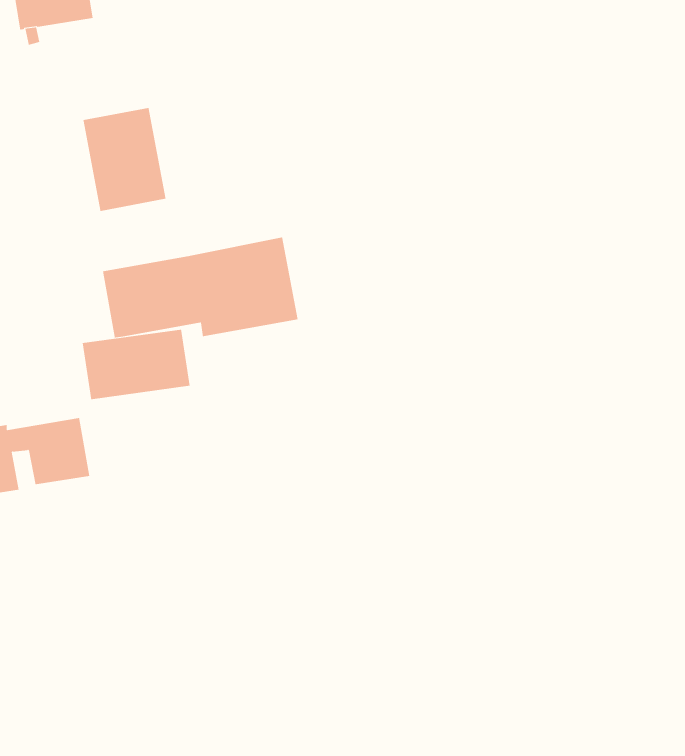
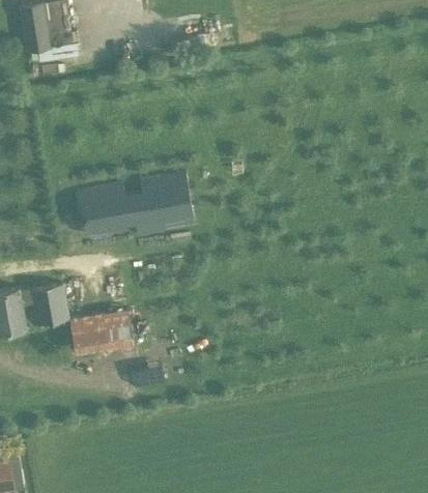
building: [83,107,166,212] -> none
building: [82,329,190,400] -> [68,311,134,353]

